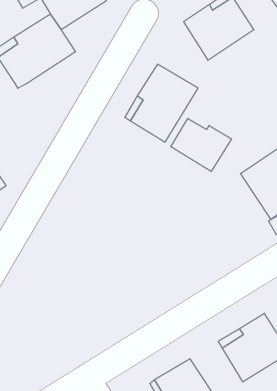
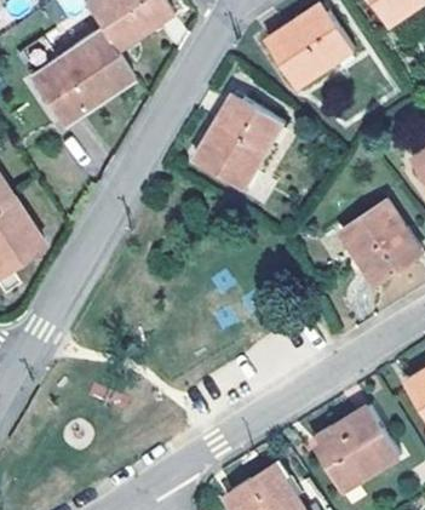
building: [171,118,231,171] -> none

